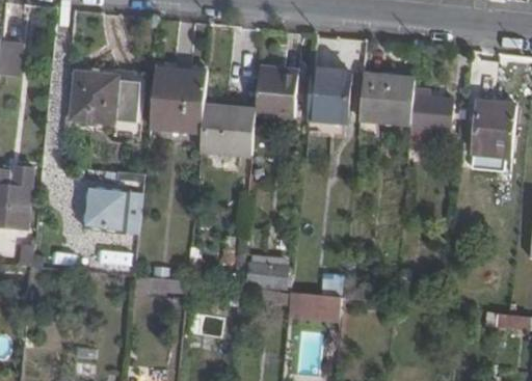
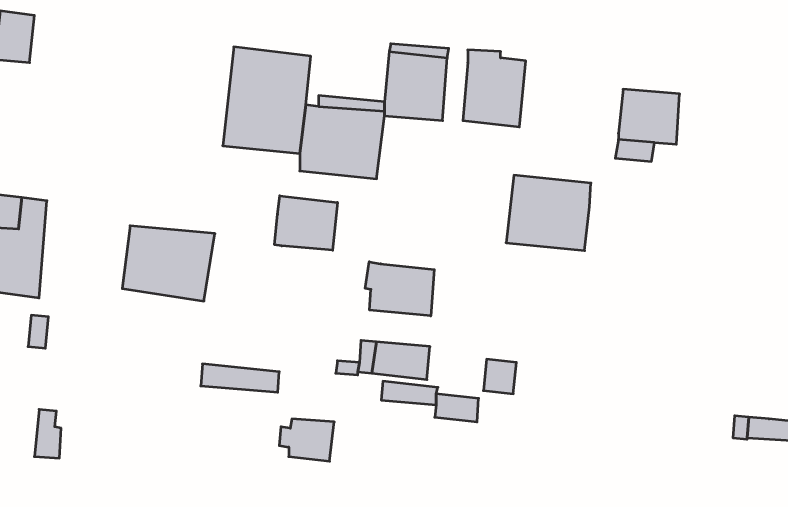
building: [73,64,143,124] -> none
building: [358,75,415,125] -> [506,175,591,251]
building: [472,101,516,157] -> none
building: none -> [275,196,337,250]
building: none -> [365,262,434,316]

